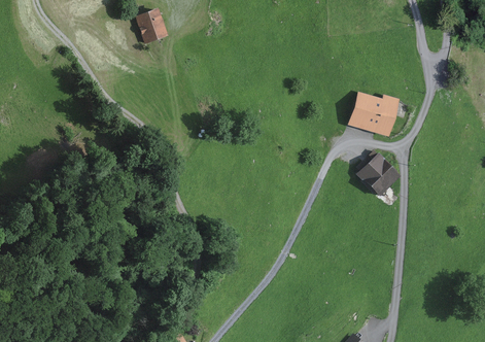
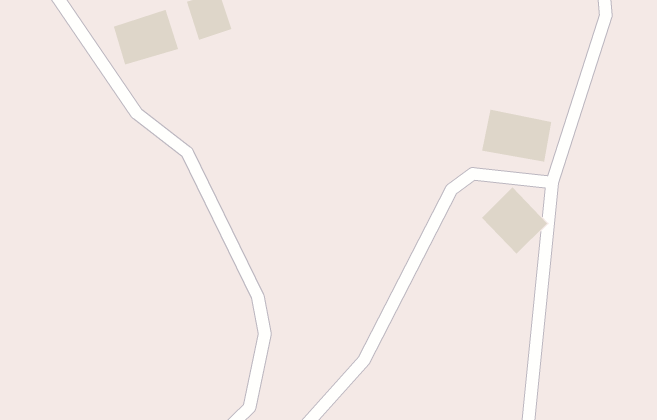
building: none -> [113,9,179,66]

